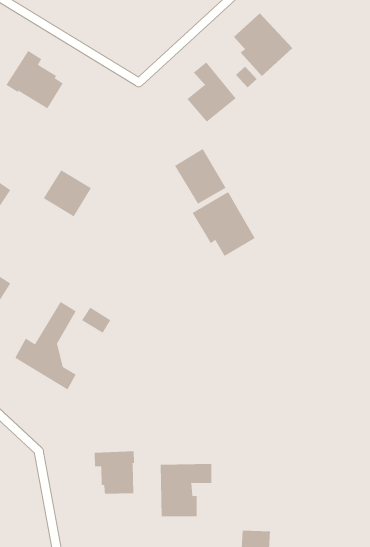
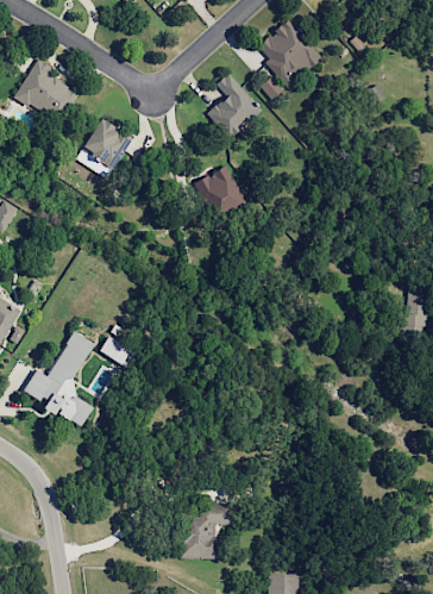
building: [43,169,92,217] -> [79,119,131,170]
building: [192,191,255,257] -> none
building: [94,451,135,494] -> none

